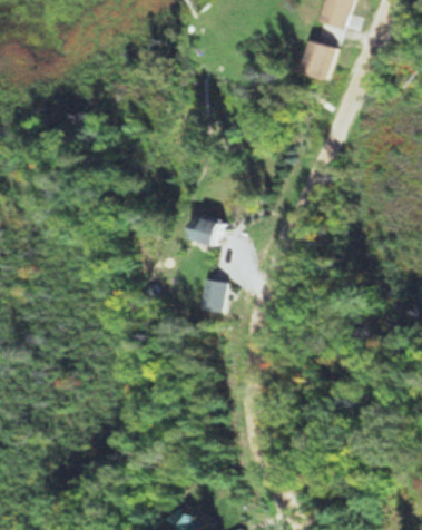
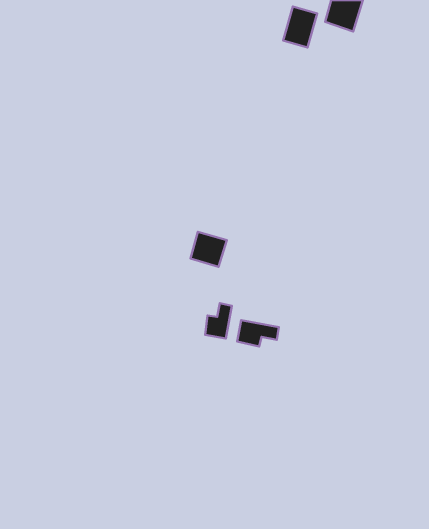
building: [301,41,332,79] -> [283,6,317,48]
building: none -> [237,320,279,347]

